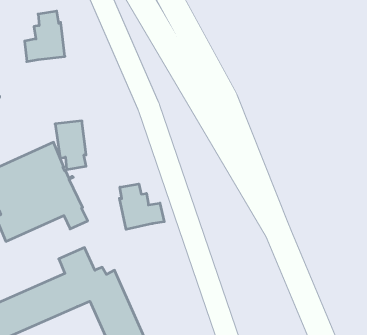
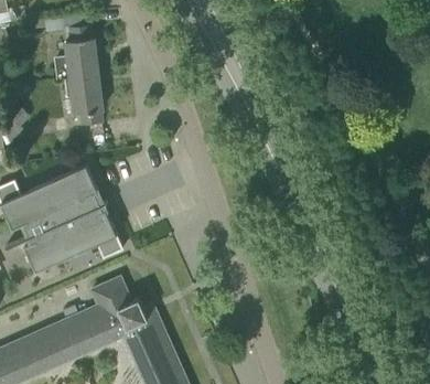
building: [55,121,86,169] -> [69,74,103,126]
building: [119,184,164,229] -> none

